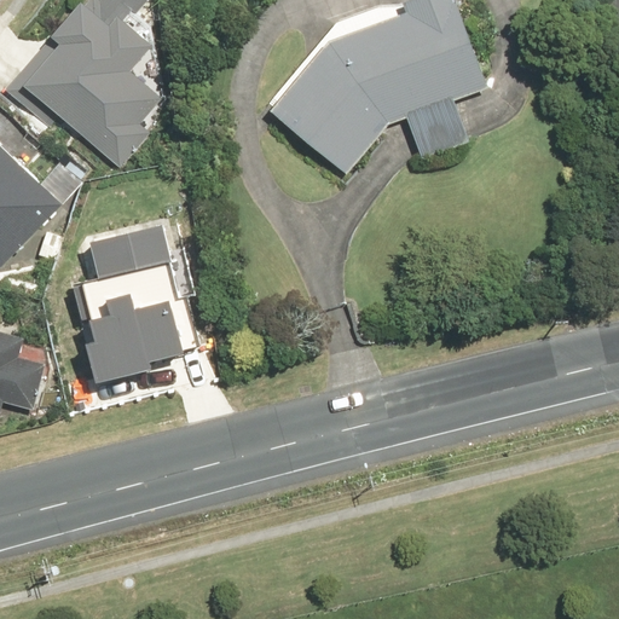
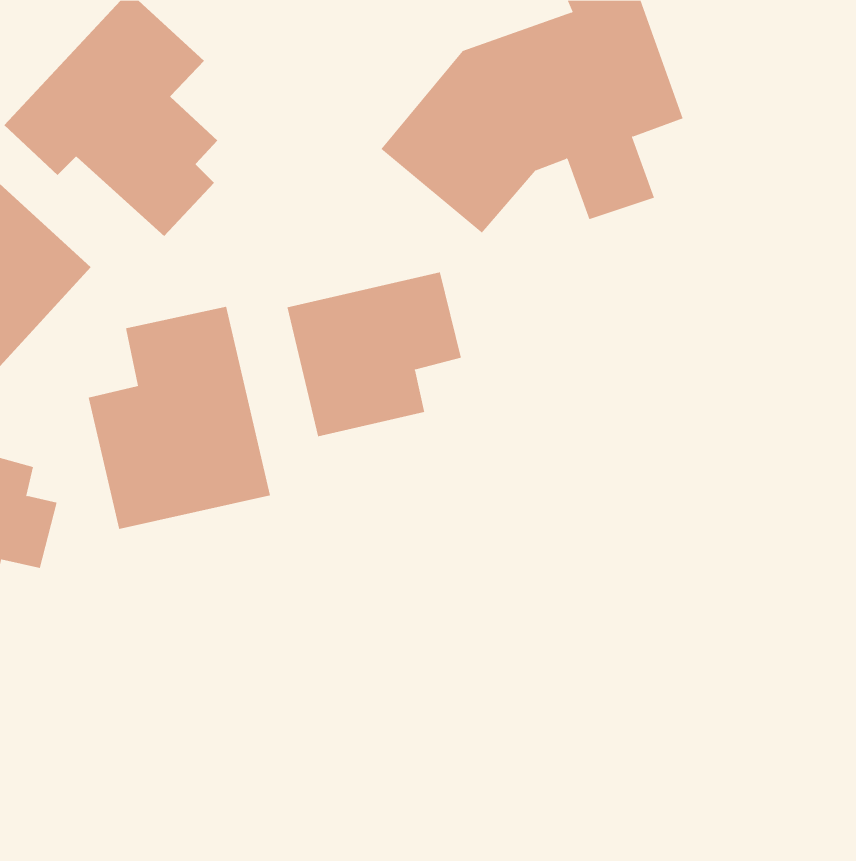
building: none -> [287,271,462,437]

